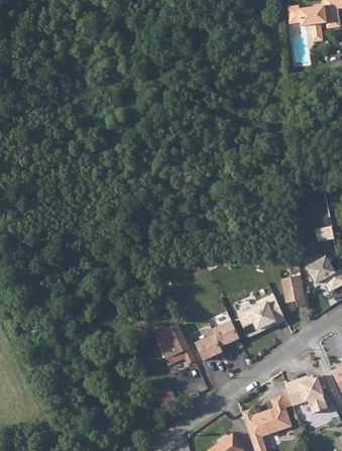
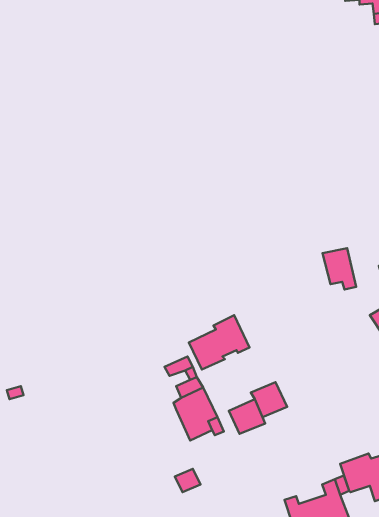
building: [281,275,308,308] -> [323,248,356,289]
building: [239,295,287,337] -> [189,315,250,370]

